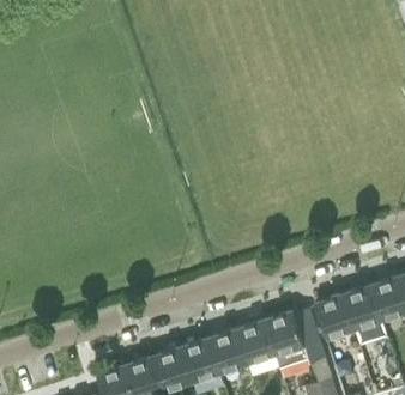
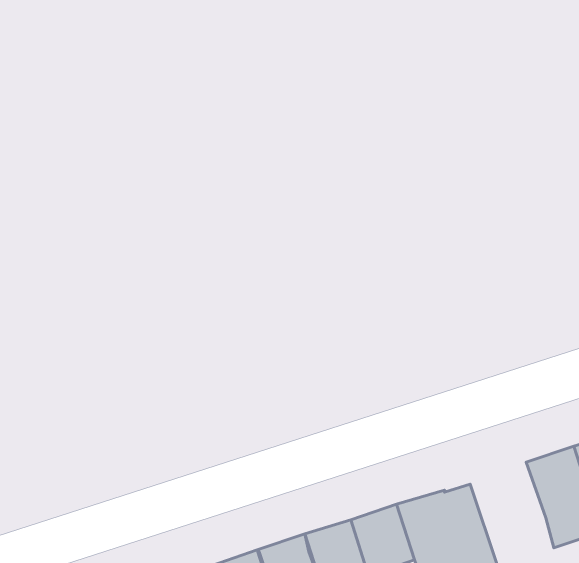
building: [315,296,355,339] -> none

